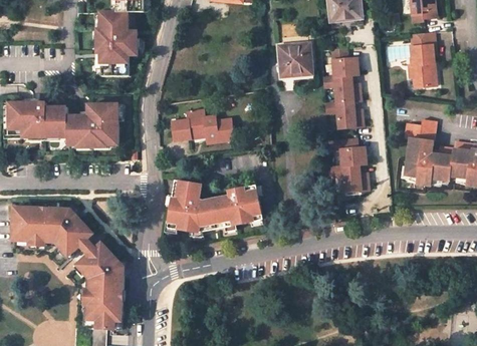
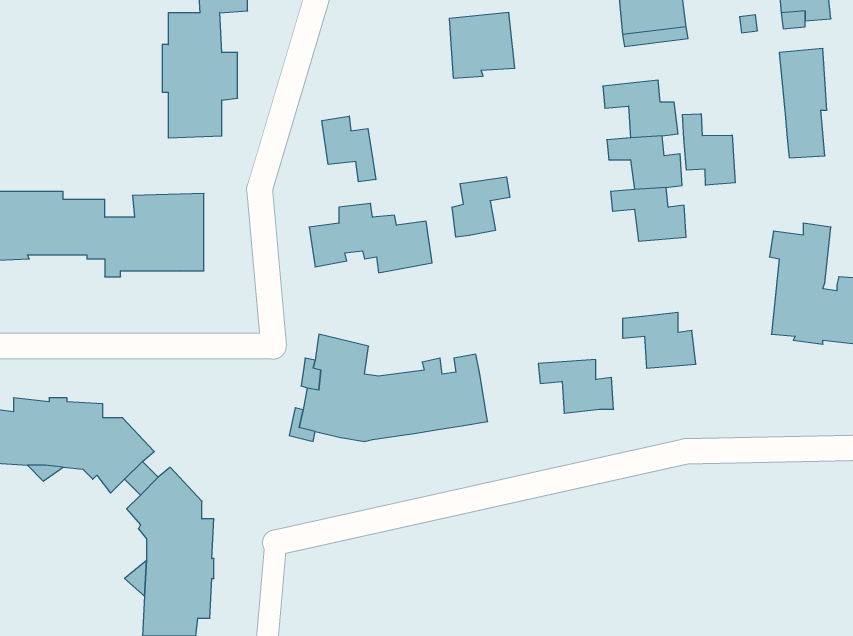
building: [278,43,311,76] -> [449,13,515,78]
building: none -> [682,114,735,185]
building: none -> [322,116,376,182]
building: none -> [452,177,510,237]
building: [326,139,365,166] -> [538,360,614,413]

